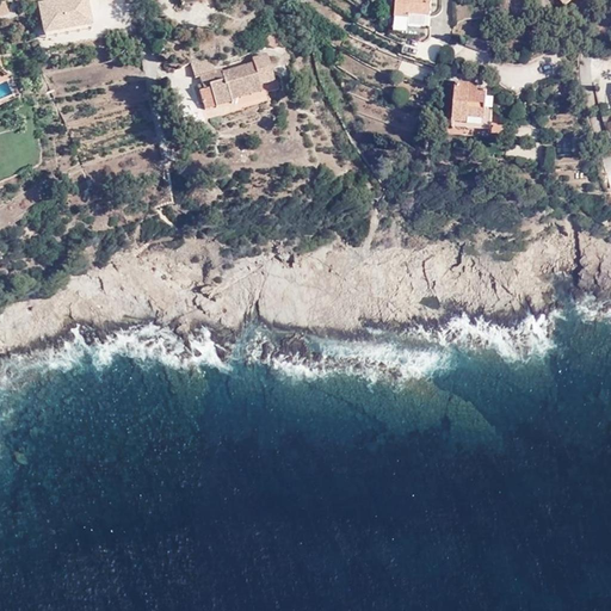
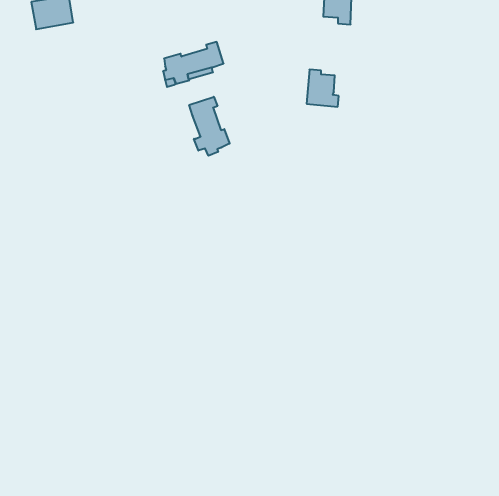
building: [452,78,492,123] -> [307,70,339,107]
building: none -> [189,97,230,156]

